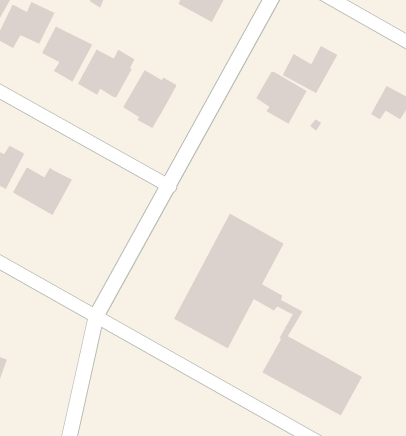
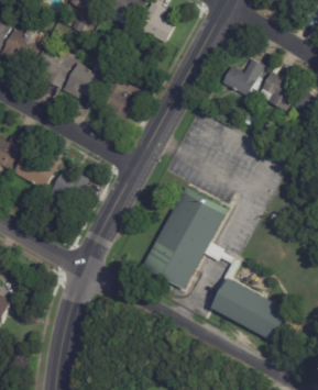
building: [255,71,308,124] -> [254,71,294,112]
building: none -> [48,169,88,205]

